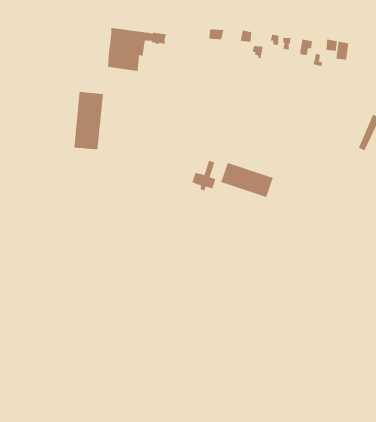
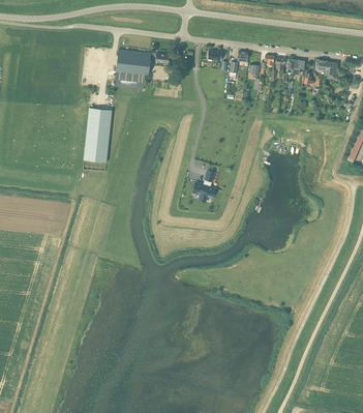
building: [221,162,274,198] -> none

